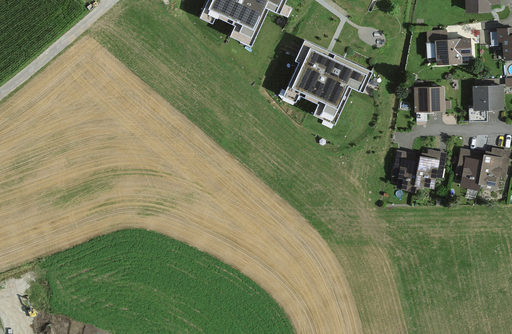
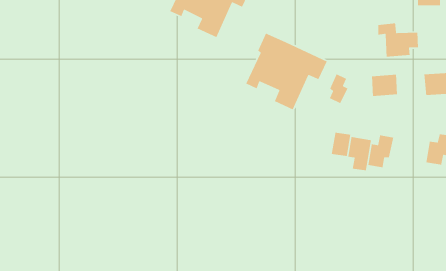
building: none -> [329,73,348,104]
building: none -> [331,132,351,157]
building: [455,150,481,189] -> none

